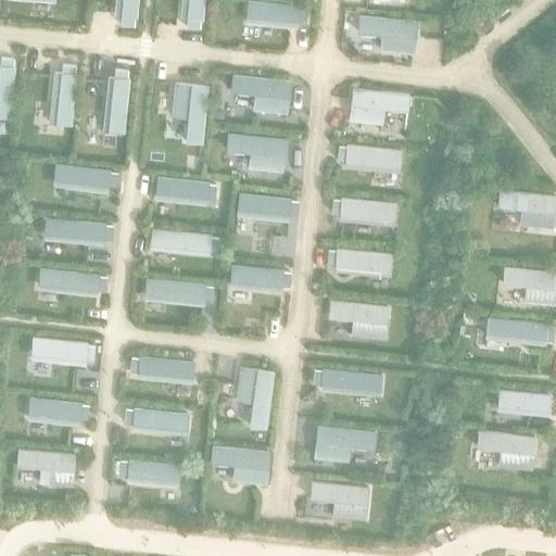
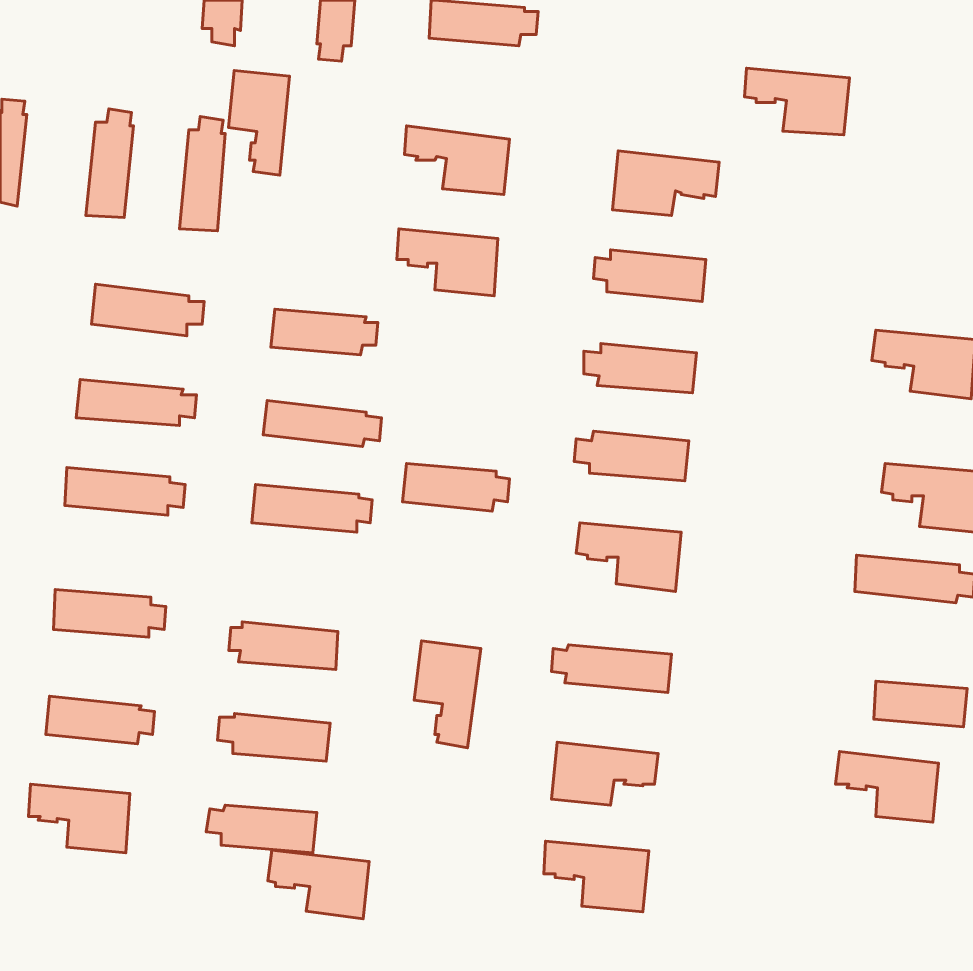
building: [358,15,418,53] -> [745,68,850,135]
building: [173,83,207,142] -> [228,70,289,175]
building: [237,193,298,222] -> none
building: [213,445,270,484] -> [268,850,369,919]

